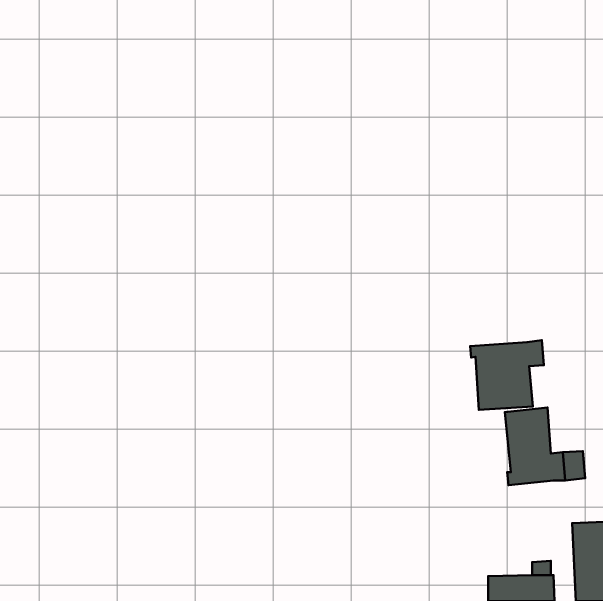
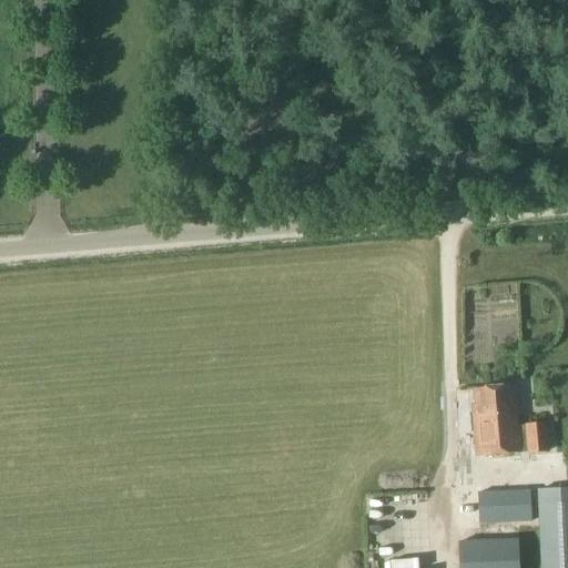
building: [470,340,544,410] -> none
building: none -> [479,489,531,521]

